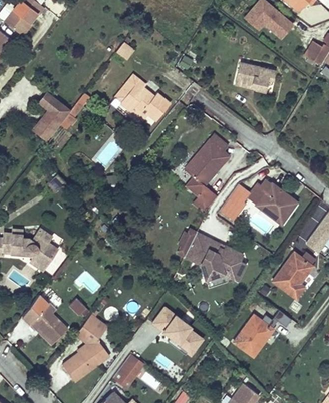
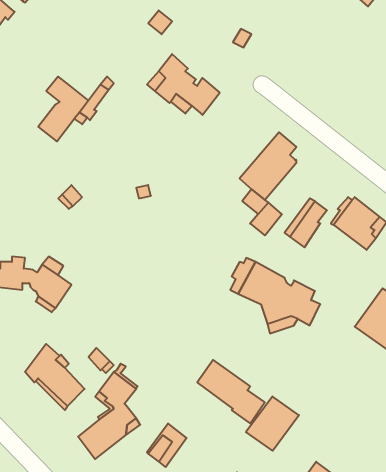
building: [235,63,275,91] -> none
building: [233,315,273,356] -> [246,396,299,451]

